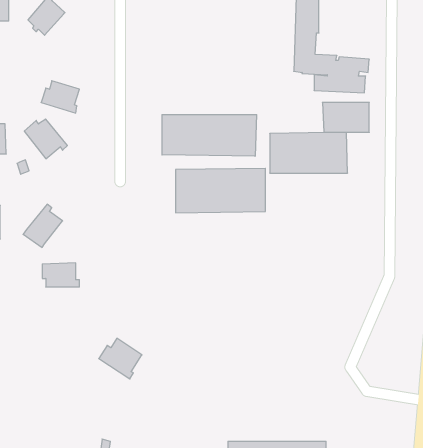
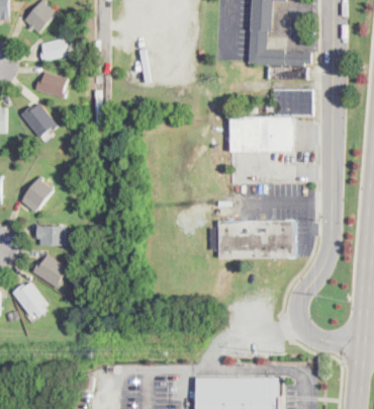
building: none -> [40,38,69,62]
building: [162,115,257,156] -> none
building: [176,168,265,213] -> [219,221,295,258]
building: none -> [12,282,49,316]
building: [99,338,142,379] -> [32,255,69,290]

